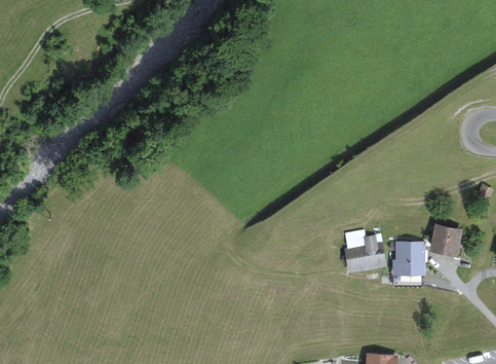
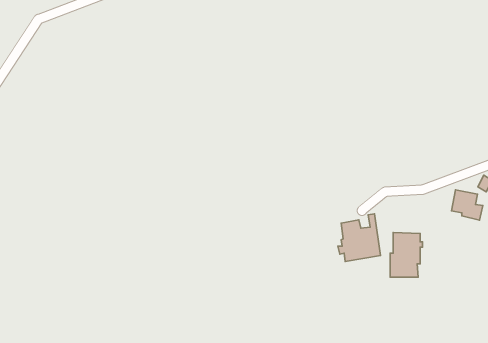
building: [431,226,462,256] -> [451,190,483,220]

